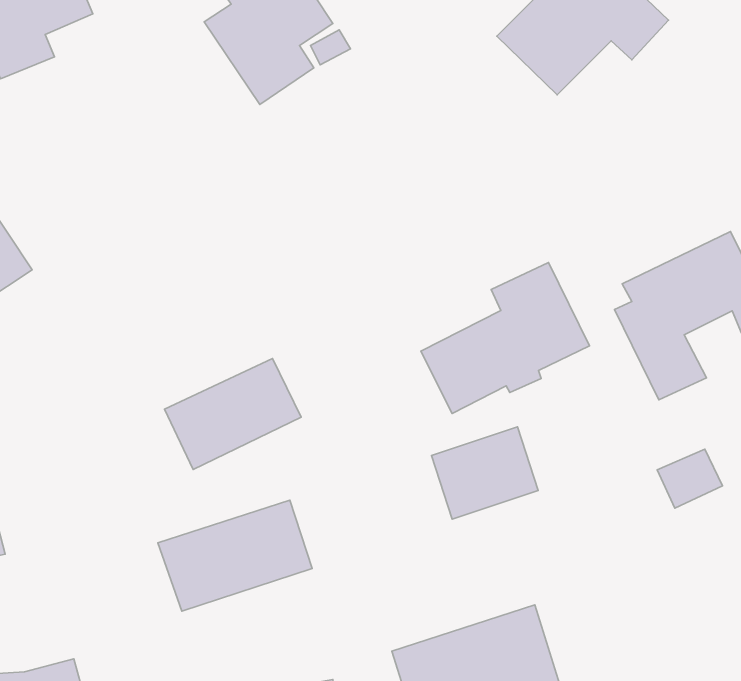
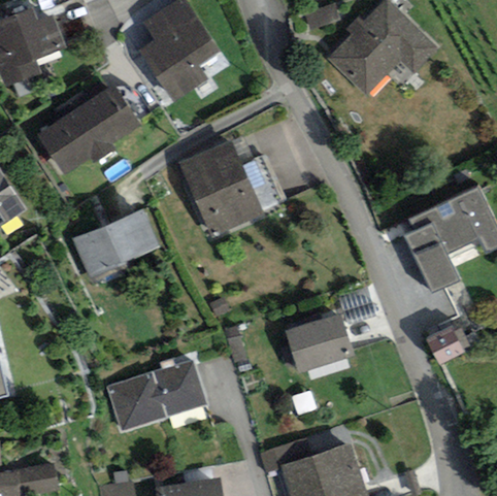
building: none -> [36,84,140,174]
building: none -> [179,140,263,235]
building: [421,262,590,413] -> none
building: [164,358,301,470] -> [71,206,160,278]

